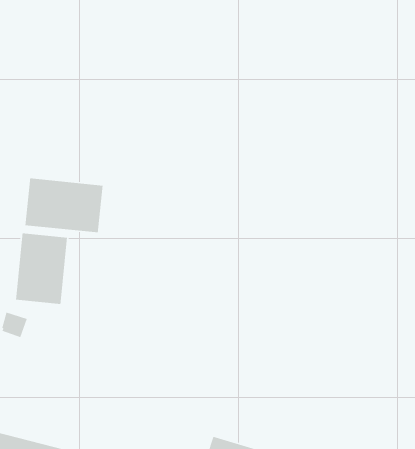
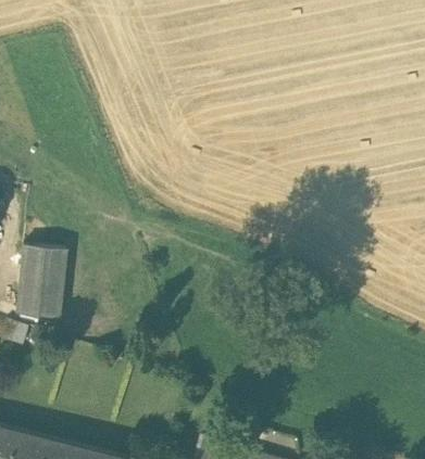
building: [25,178,103,233] -> none

